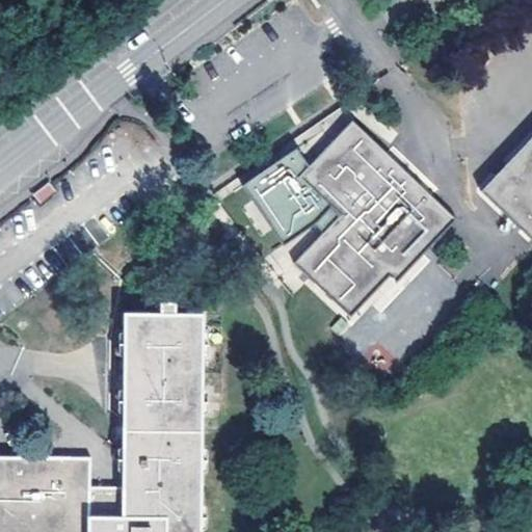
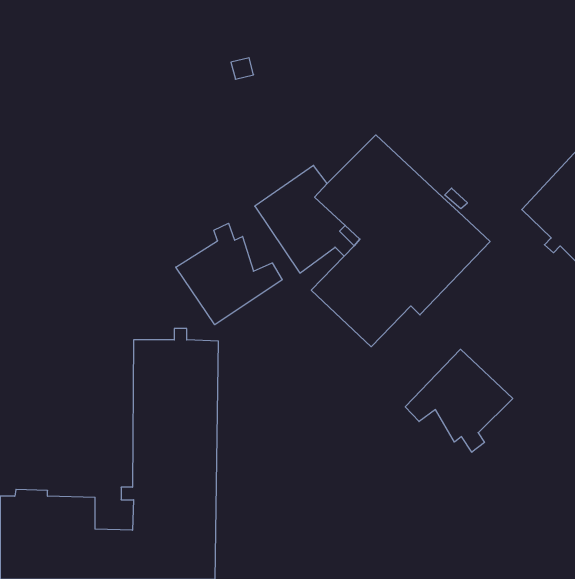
building: none -> [176,223,282,325]
building: none -> [405,349,513,452]

